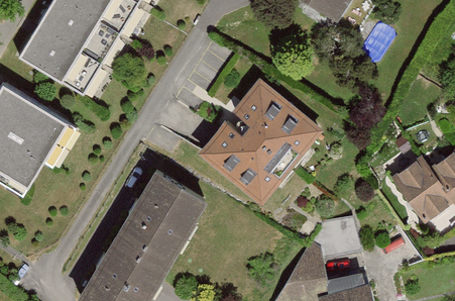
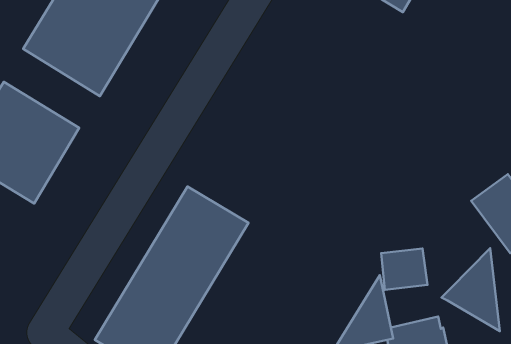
building: [202,81,322,202] -> none
building: none -> [442,248,500,331]

